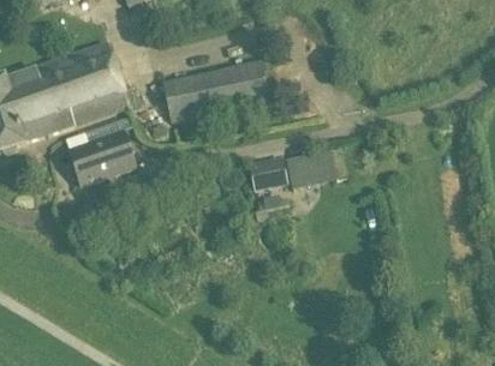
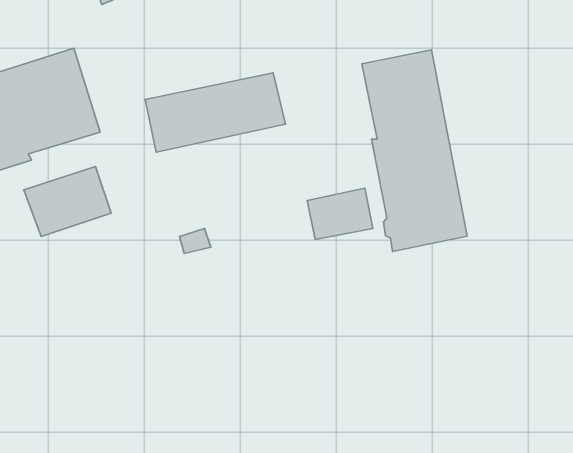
building: none -> [362,50,467,251]
building: [249,156,288,190] -> none

